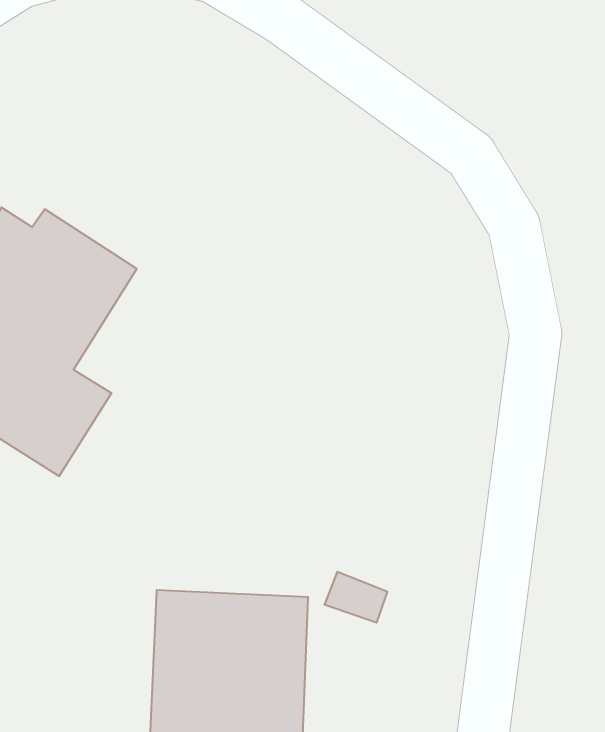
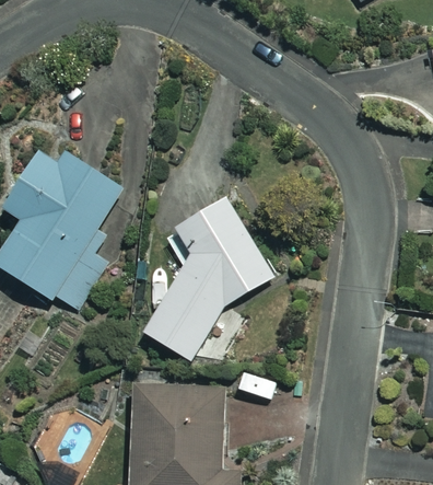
building: none -> [143,195,277,360]

